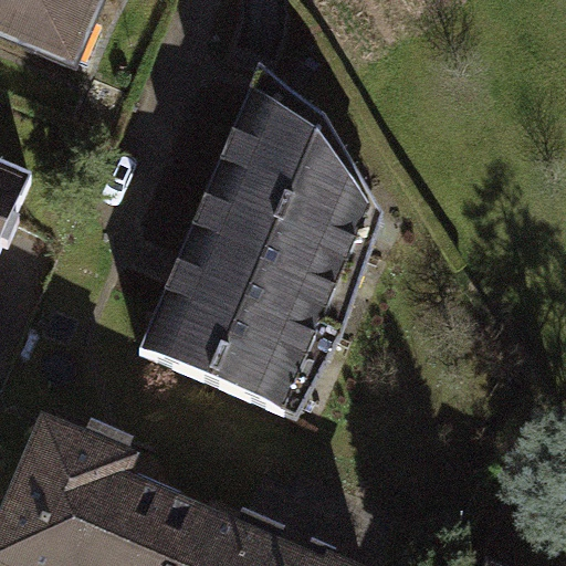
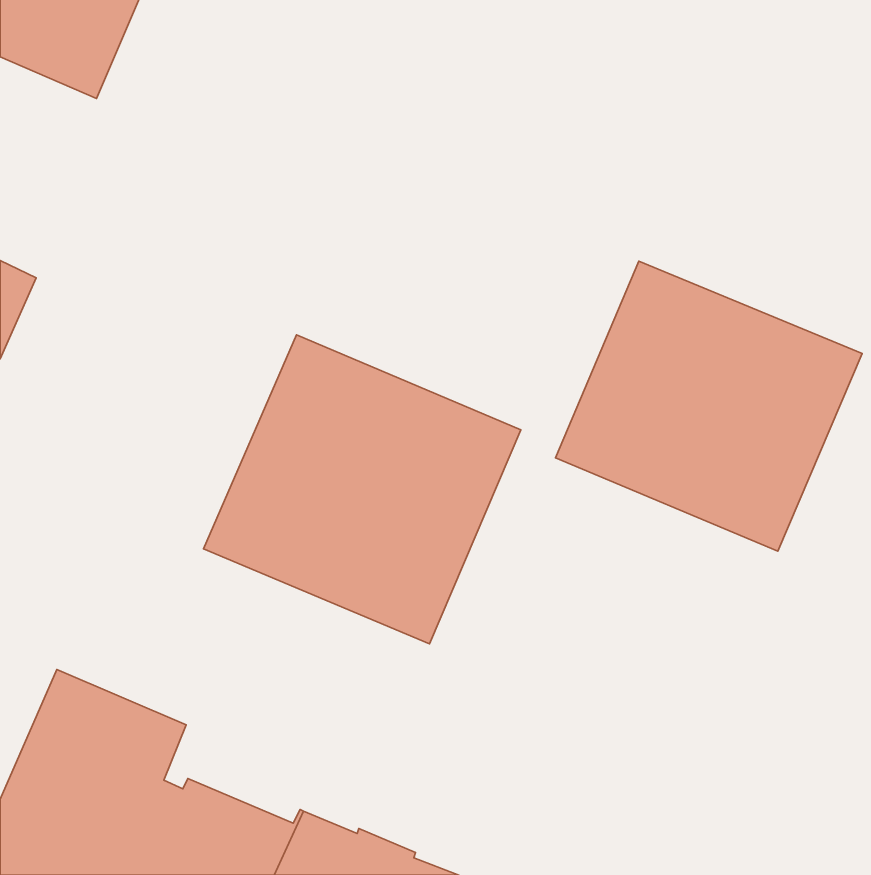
building: [197,91,368,275] -> none
building: none -> [556,261,862,551]

